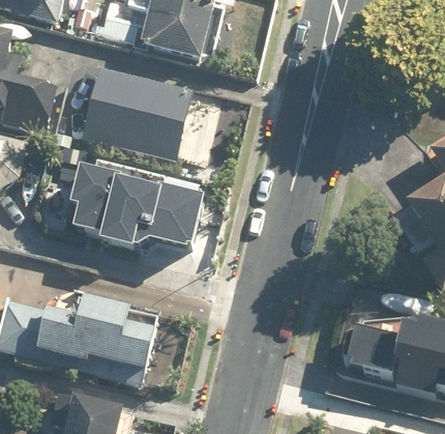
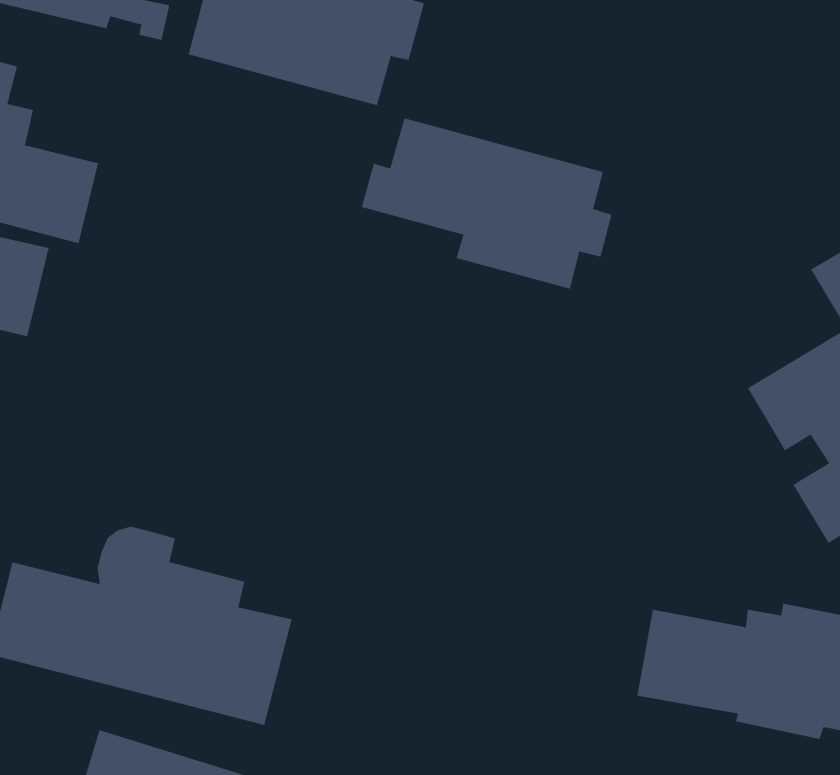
building: [71,63,191,160] -> none
building: none -> [361,117,612,289]
building: [69,164,204,256] -> none

